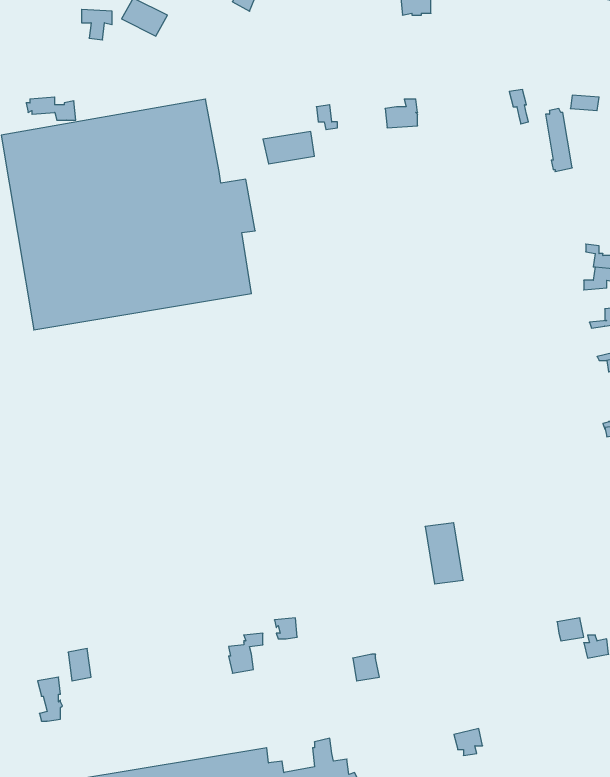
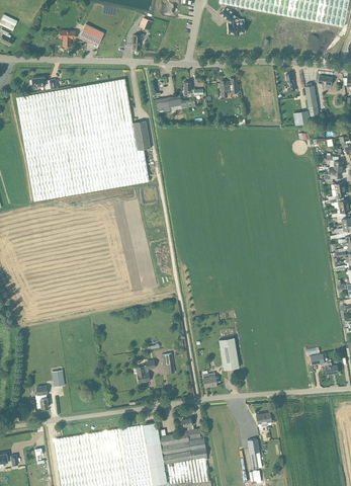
building: [425,523,463,584] -> [218,337,239,370]

